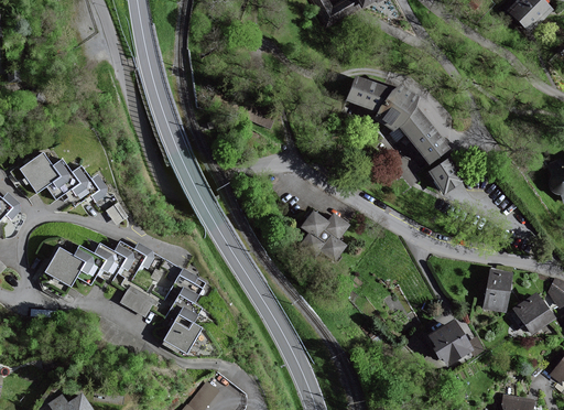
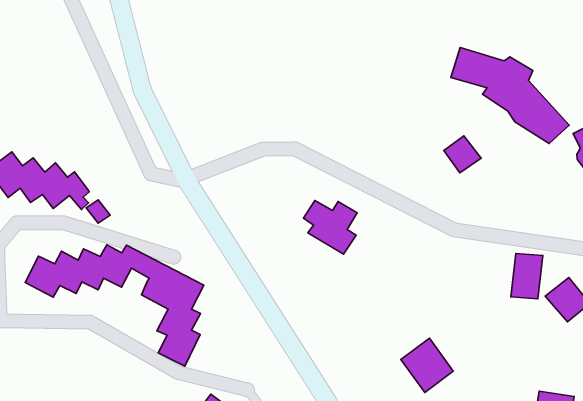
building: [345,77,448,168] -> [451,47,569,143]
building: [121,283,156,313] -> none
building: [426,317,473,366] -> [401,338,453,392]

